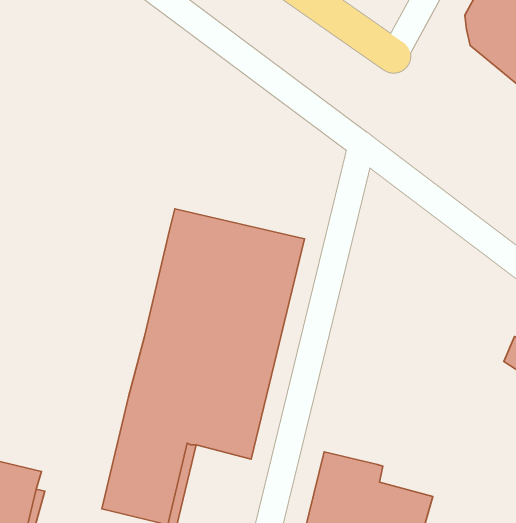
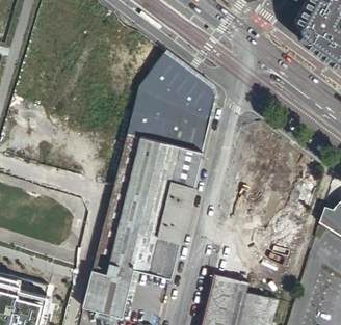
building: none -> [126,50,215,148]

